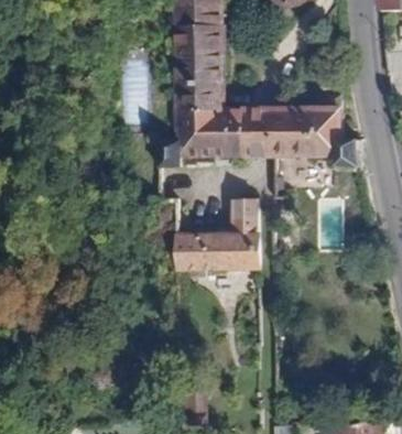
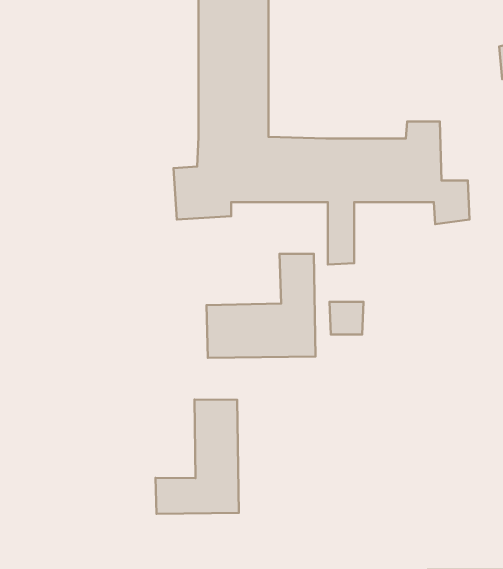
building: none -> [155,400,239,514]

